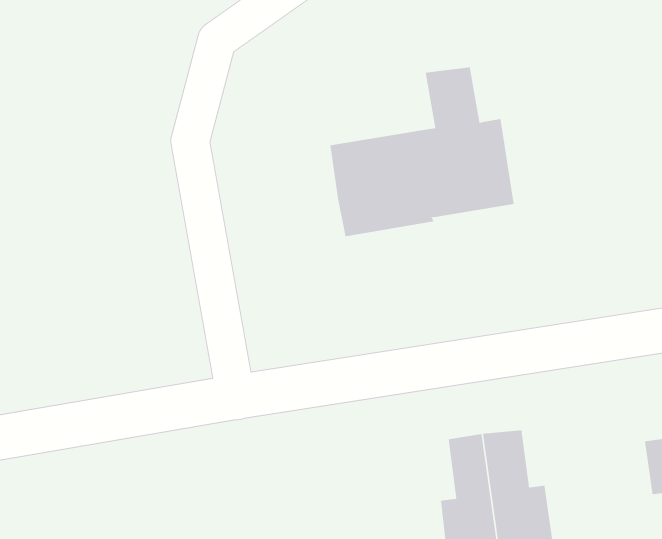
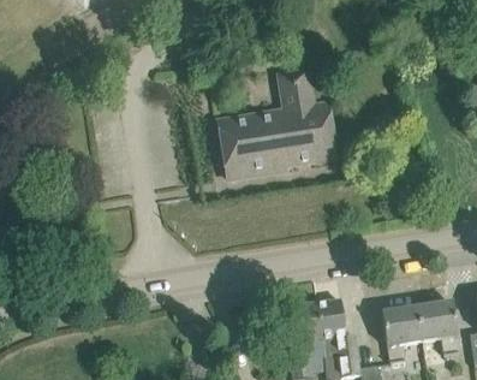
building: none -> [382,304,422,361]

